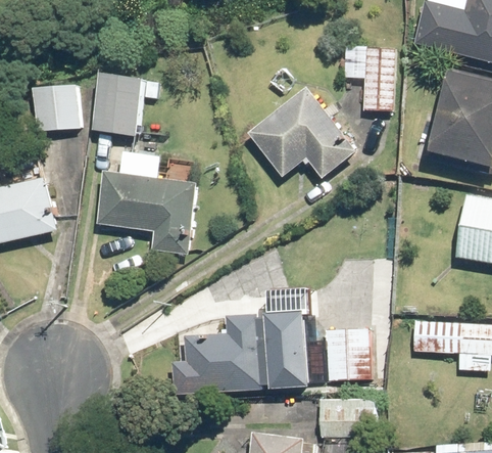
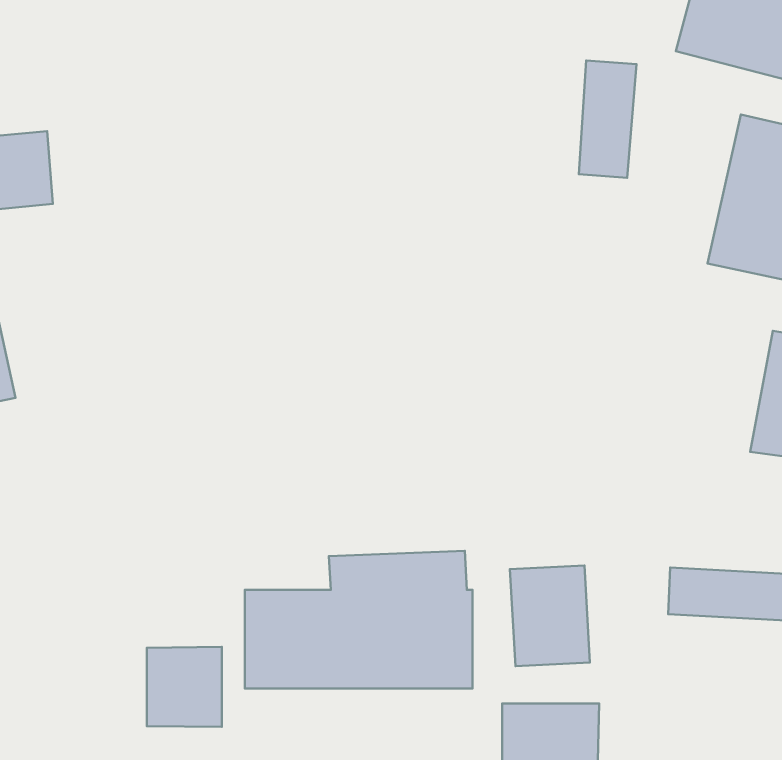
building: [95,74,142,136] -> none
building: [248,86,358,185] -> none
building: [98,172,194,240] -> none
building: none -> [147,647,222,727]

